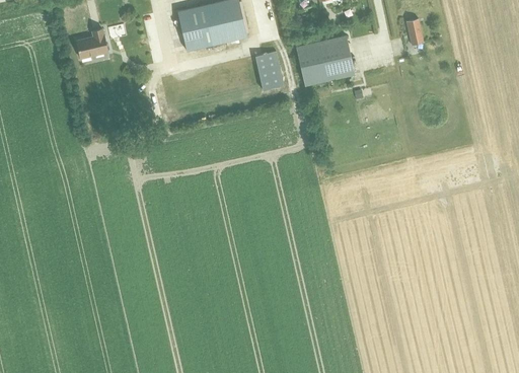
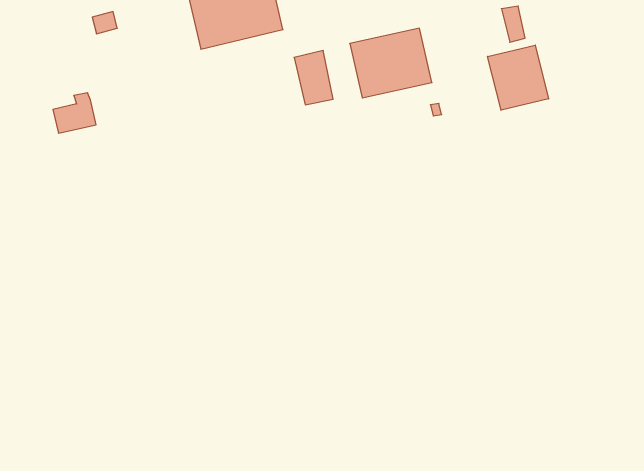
building: [77,29,108,59] -> [53,93,96,133]
building: none -> [488,45,549,110]

